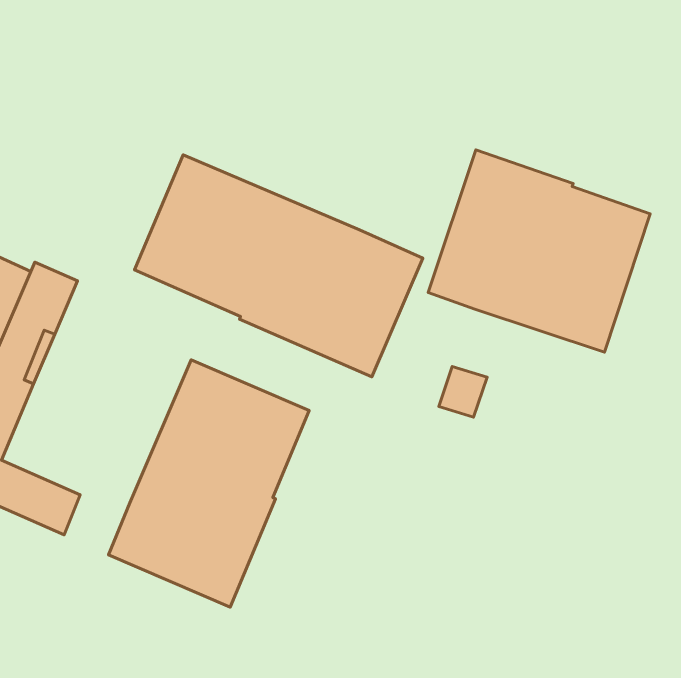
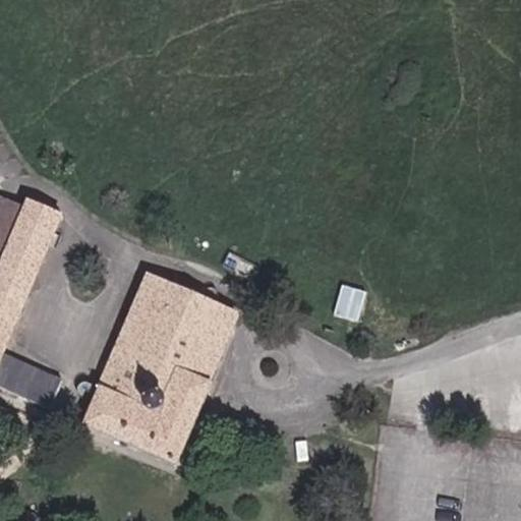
building: [428,150,650,352] -> none
building: [134,155,423,377] -> none

